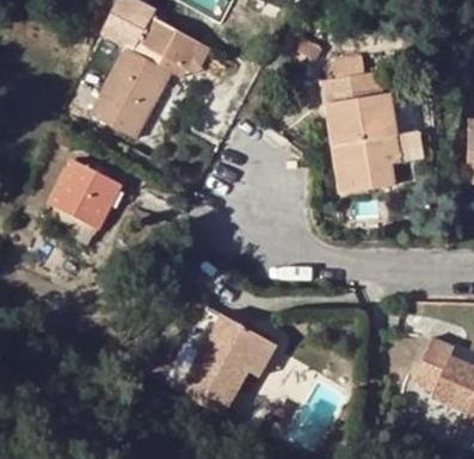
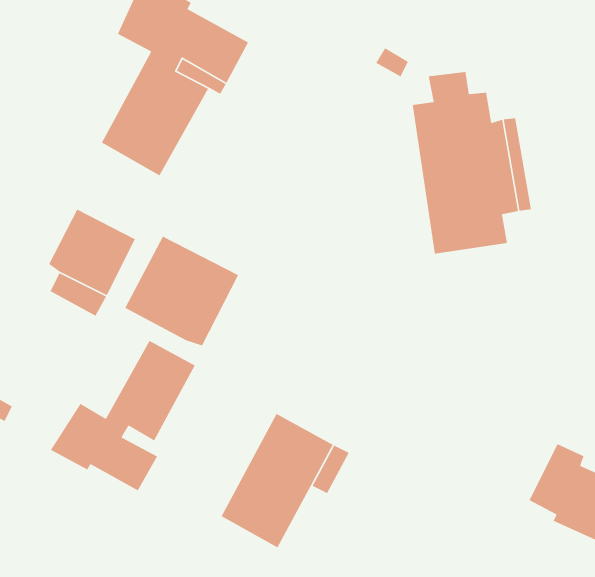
building: none -> [124,236,239,346]
building: none -> [50,340,196,491]

